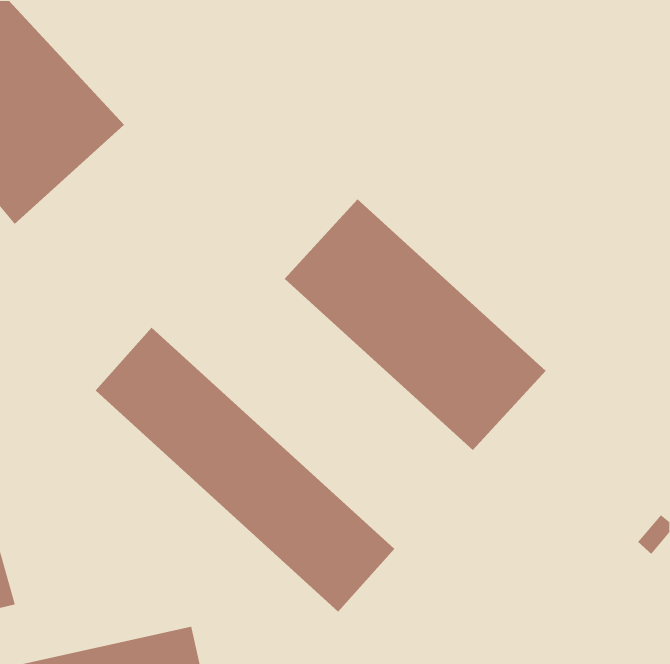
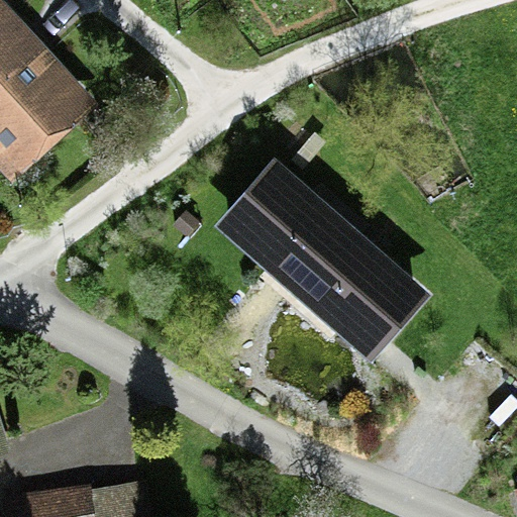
building: [95,327,395,612] -> none

